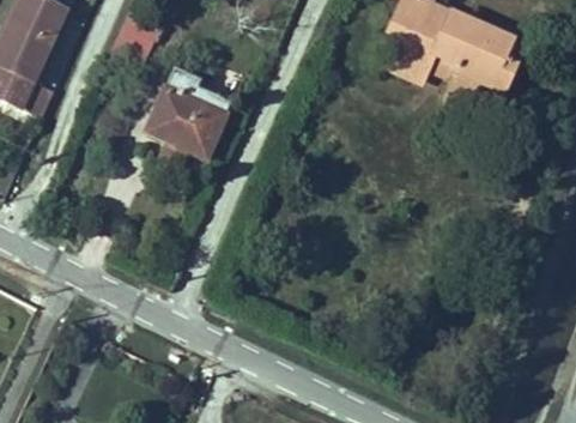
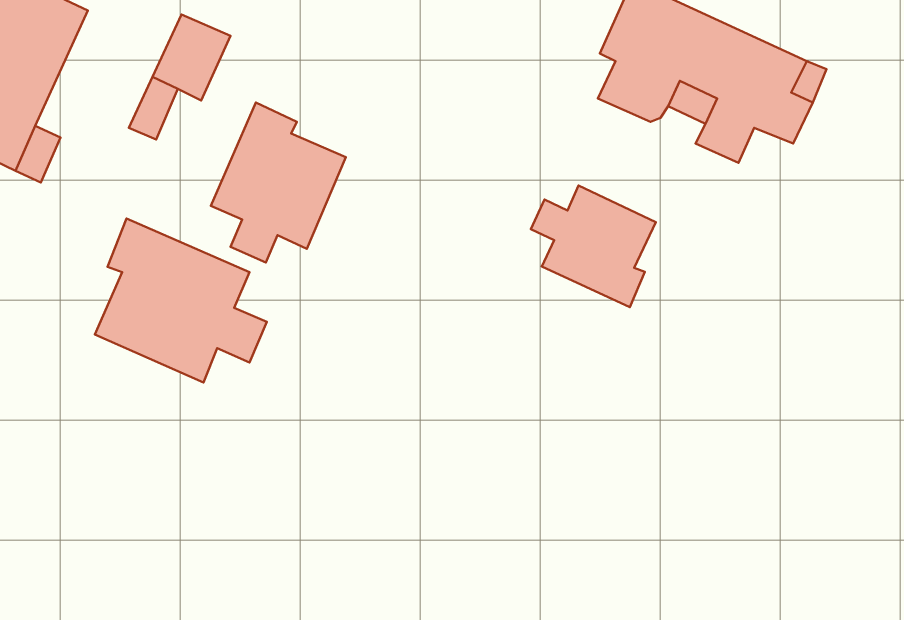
building: none -> [531,185,656,307]
building: none -> [95,219,267,382]

